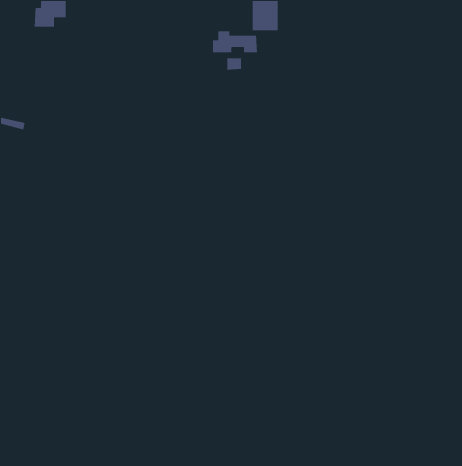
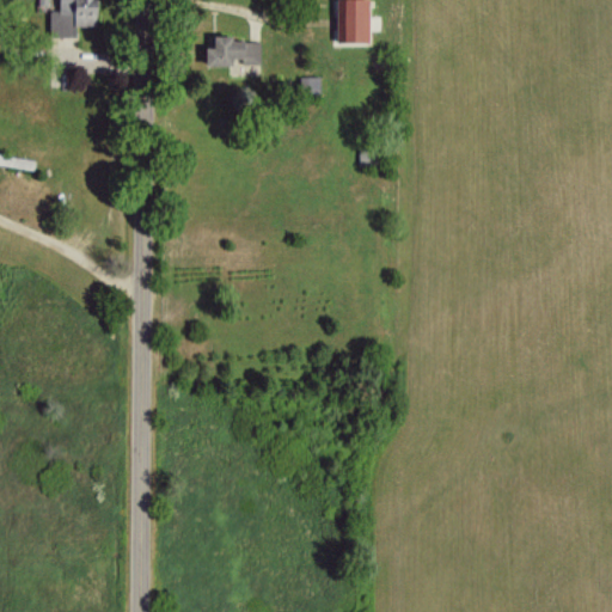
building: [212,30,258,53] -> [204,35,264,65]

